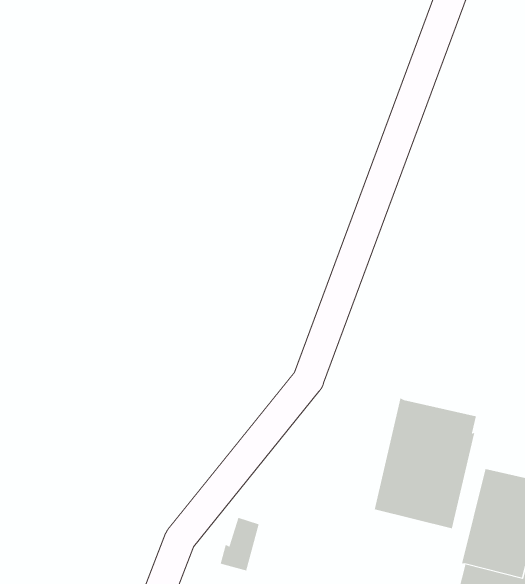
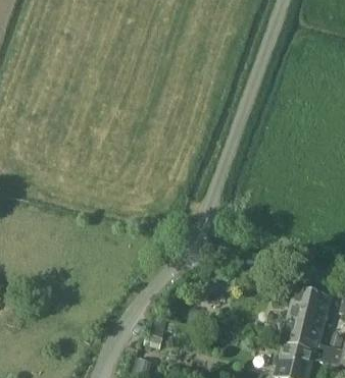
building: [374,397,476,529] -> none

